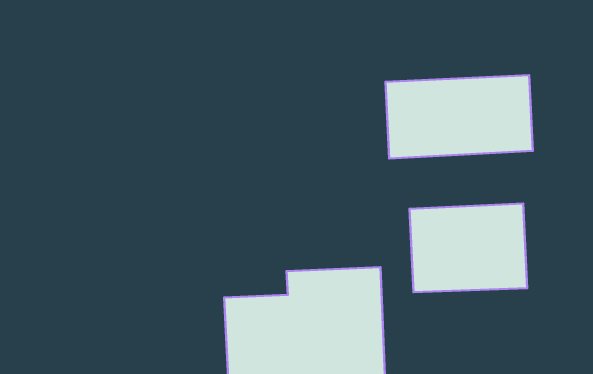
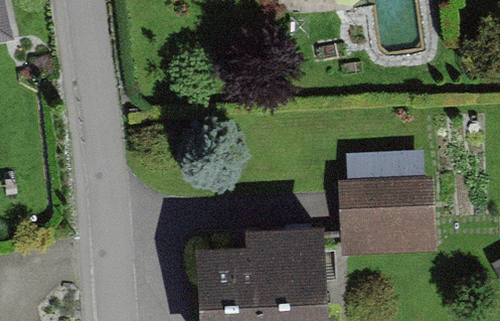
building: [386,75,533,159] -> none

